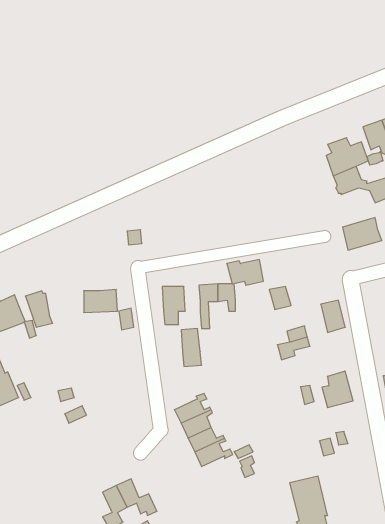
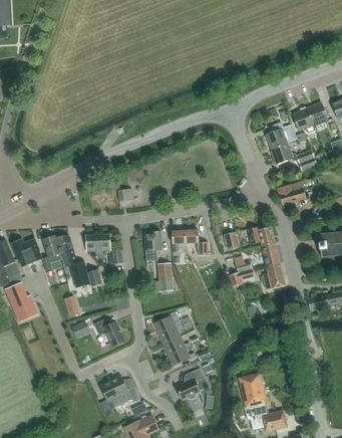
building: [227,260,263,285] -> [248,226,275,245]
building: none -> [58,236,102,287]
building: [322,371,353,408] -> [263,262,286,289]
building: none -> [94,317,125,347]
building: none -> [176,368,205,399]

